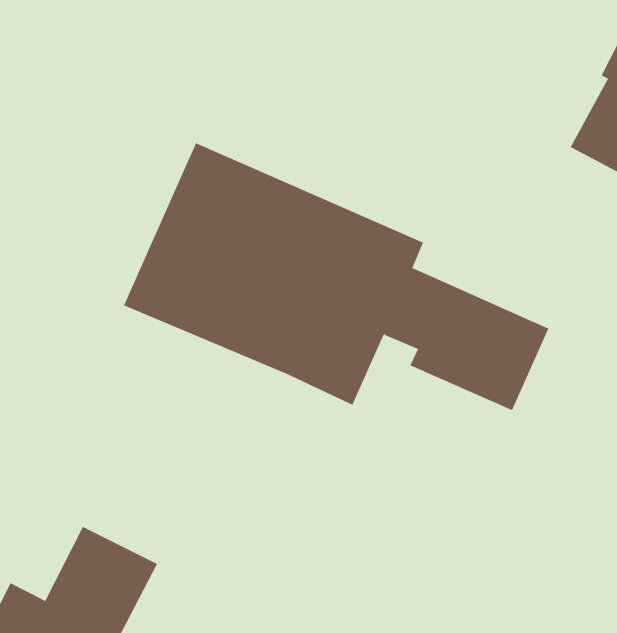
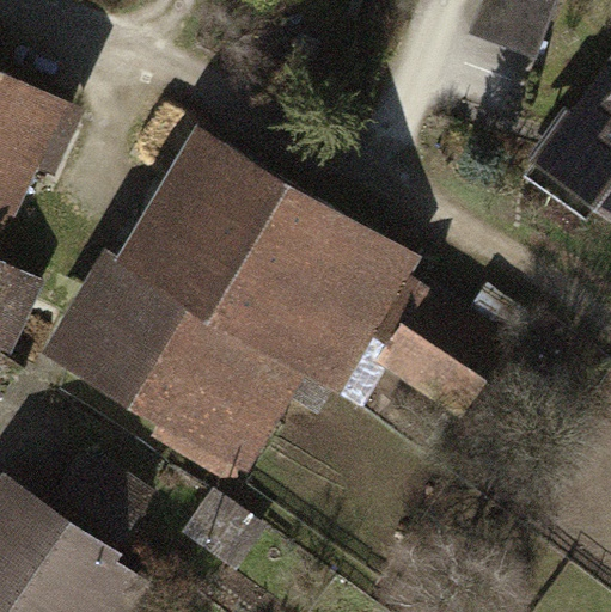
building: none -> [67,263,277,466]

